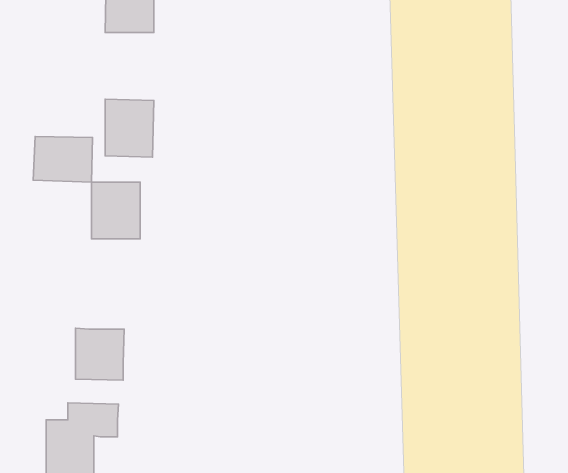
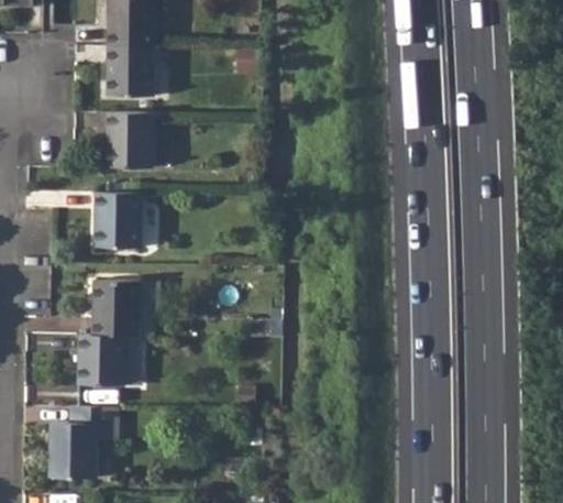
building: none -> [107,47,154,97]
building: [33,137,92,182] -> none
building: none -> [91,281,140,336]

